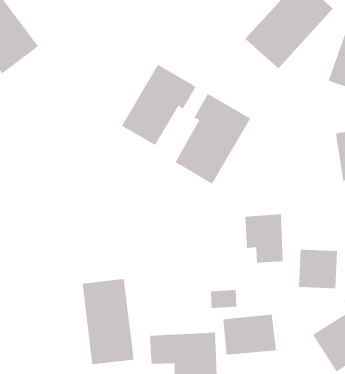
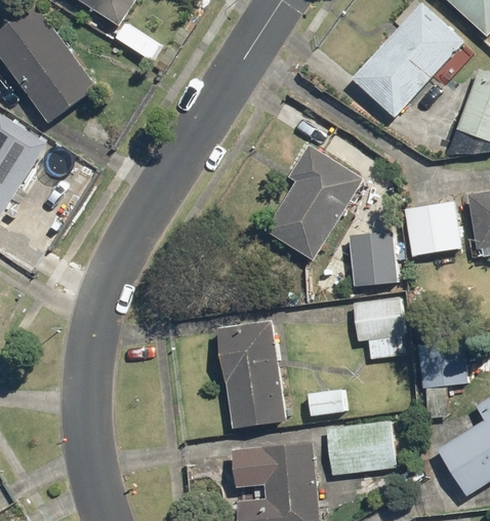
building: [121,64,197,146] -> none
building: none -> [406,203,459,254]
building: none -> [350,235,398,287]
building: [82,279,134,365] -> [220,321,286,429]

